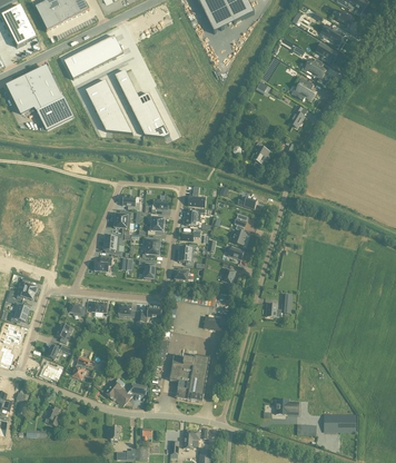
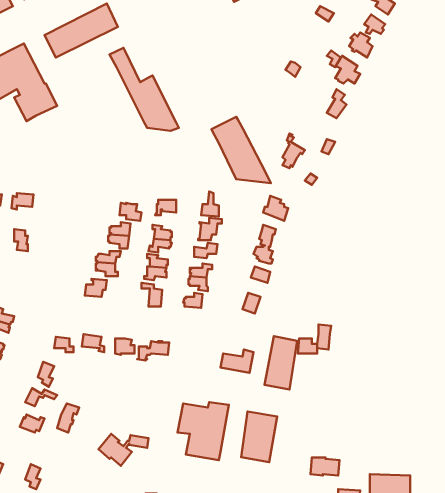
building: [85,79,132,132] -> [211,117,271,183]
building: none -> [265,336,297,390]
building: none -> [241,411,277,462]

